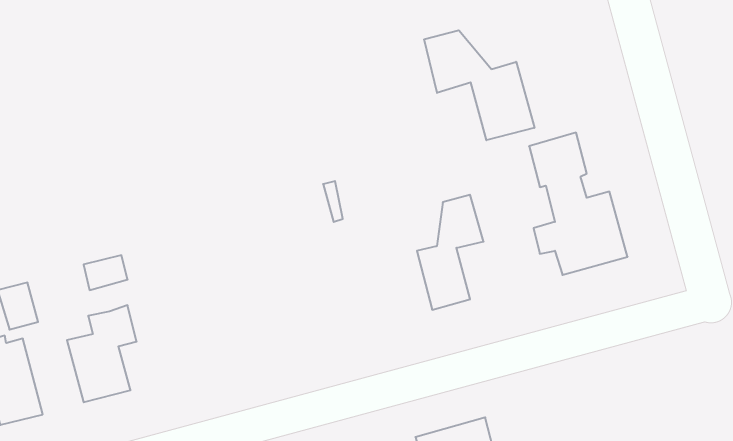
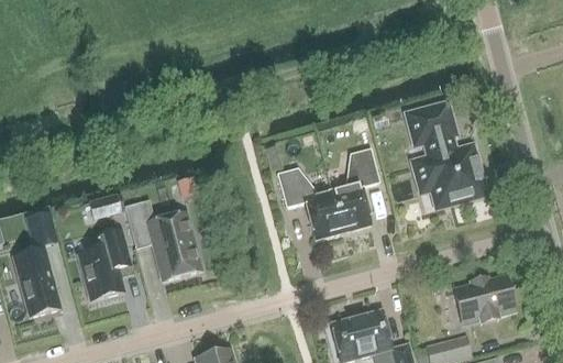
building: [424,30,534,140] -> none
building: none -> [277,168,343,240]
building: none -> [125,199,201,280]
building: none -> [454,278,515,322]

